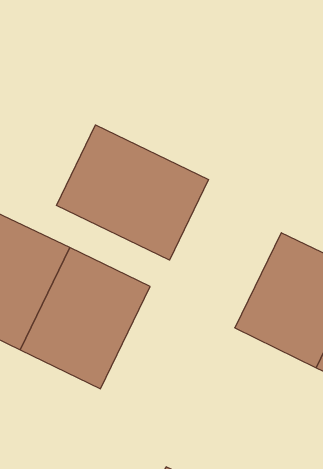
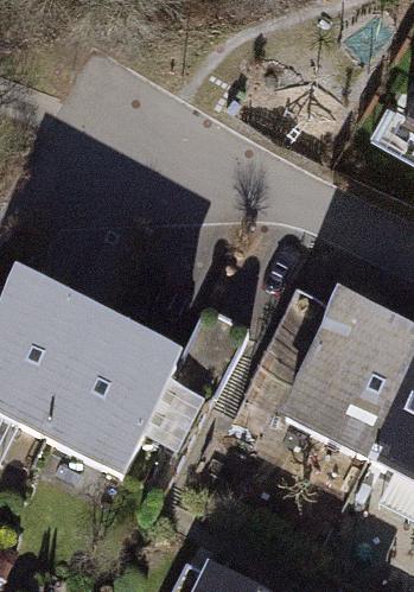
building: [57,125,209,260] -> none

